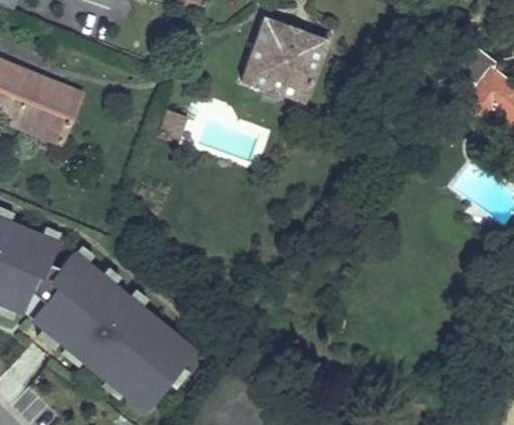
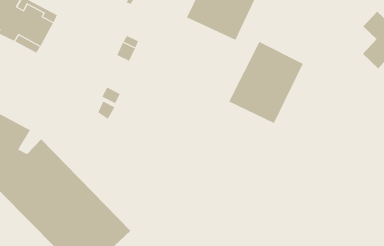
building: none -> [229,41,304,124]

